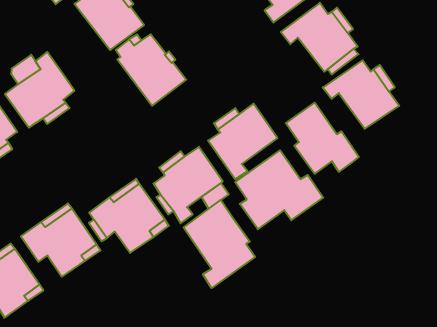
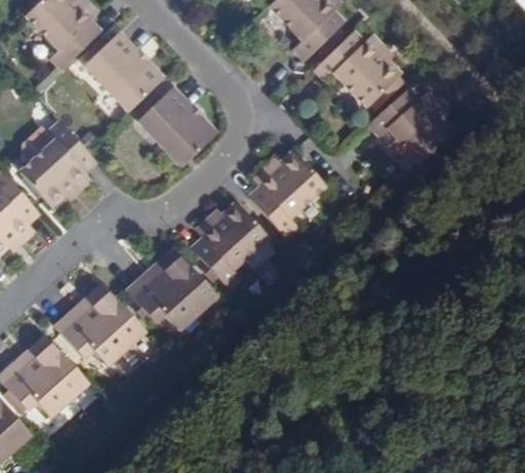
building: [286,103,359,174] -> none
building: [235,150,323,229] -> none
building: [184,200,255,288] -> none

